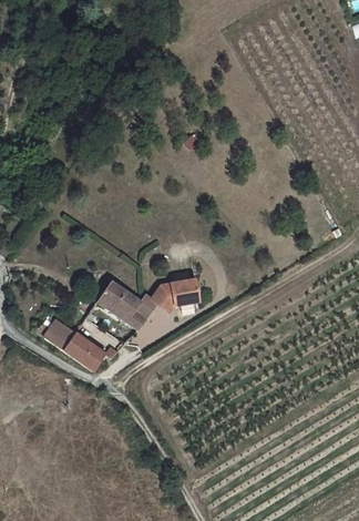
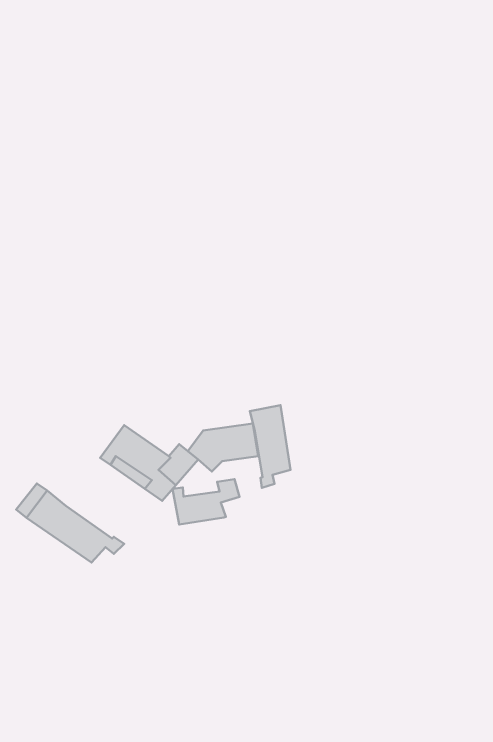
building: none -> [250,405,291,488]
building: none -> [172,479,239,524]

